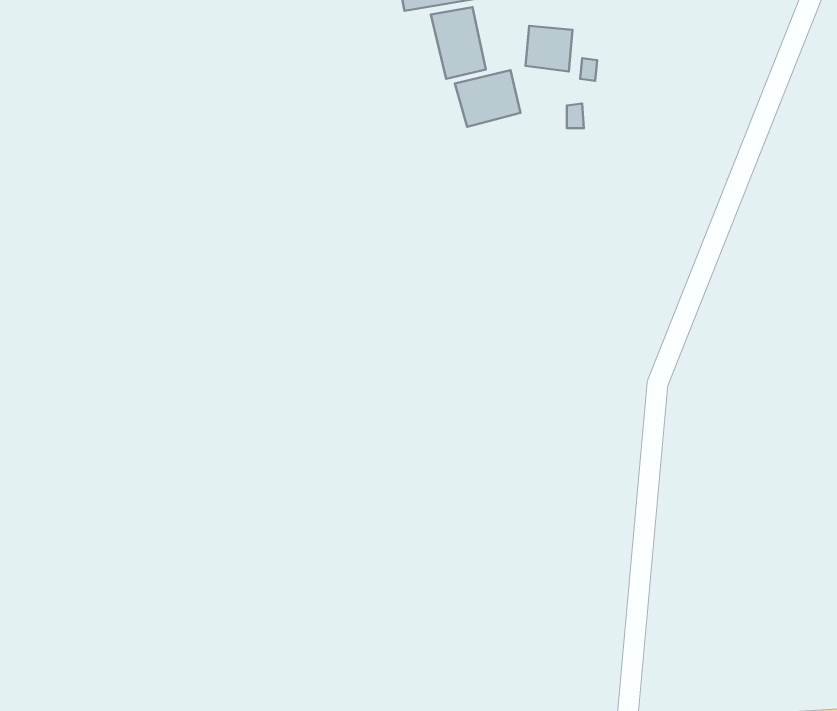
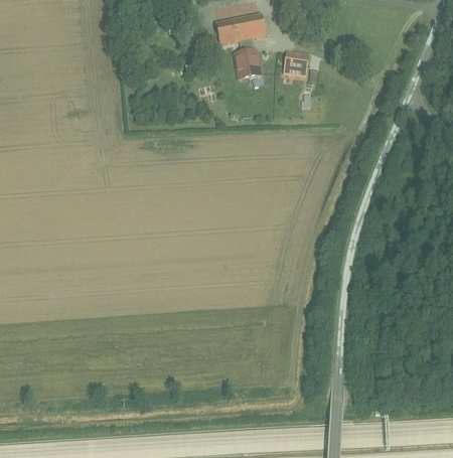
building: [455,70,521,127] -> none

